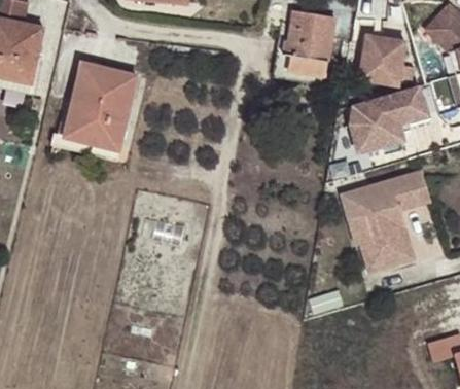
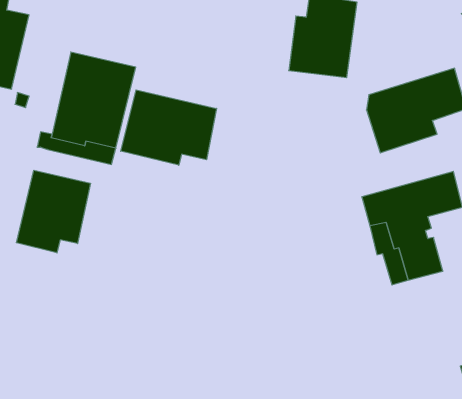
building: [358,31,404,82] -> none
building: none -> [121,90,217,165]
building: none -> [16,170,90,253]

